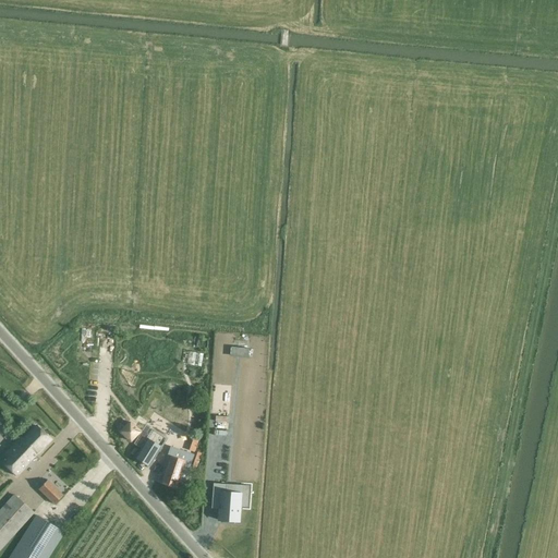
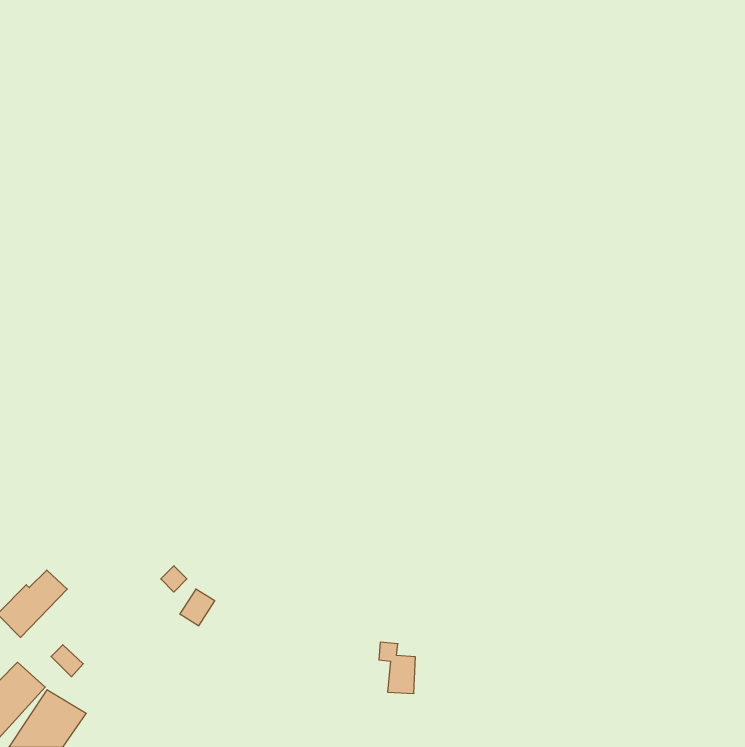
building: [156,456,184,487] -> none
building: [211,482,239,520] -> [379,642,415,693]

